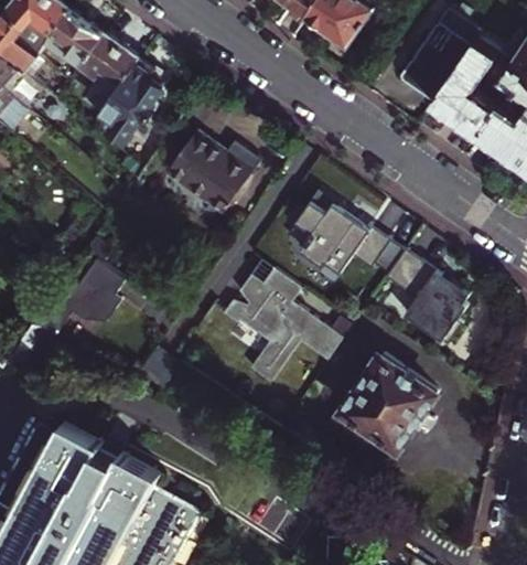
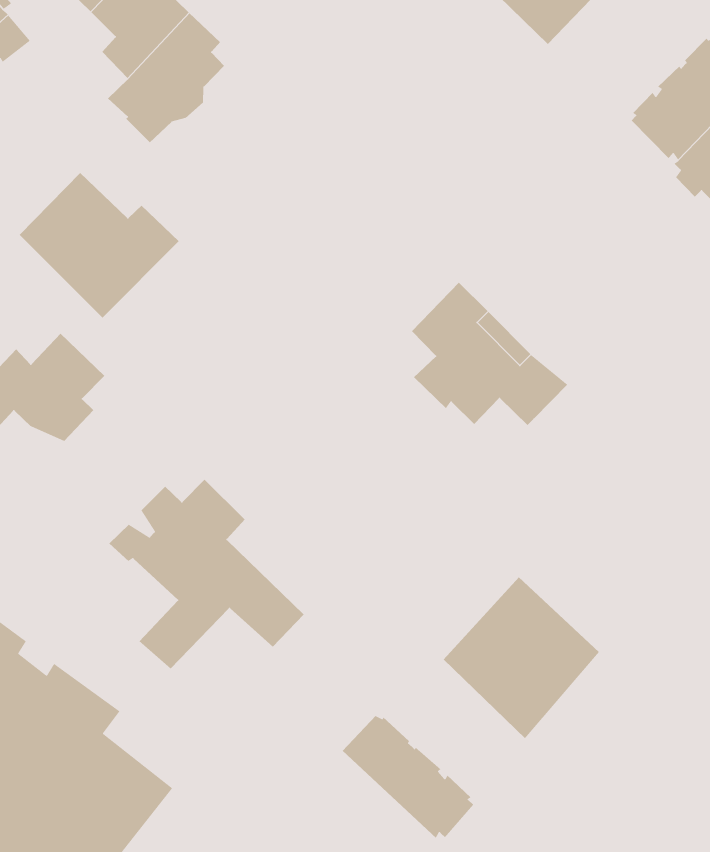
building: [168,132,261,215] -> [19,172,179,318]
building: [386,249,470,345] -> none
building: [224,270,344,384] -> [108,479,305,669]
building: none -> [342,715,474,839]

